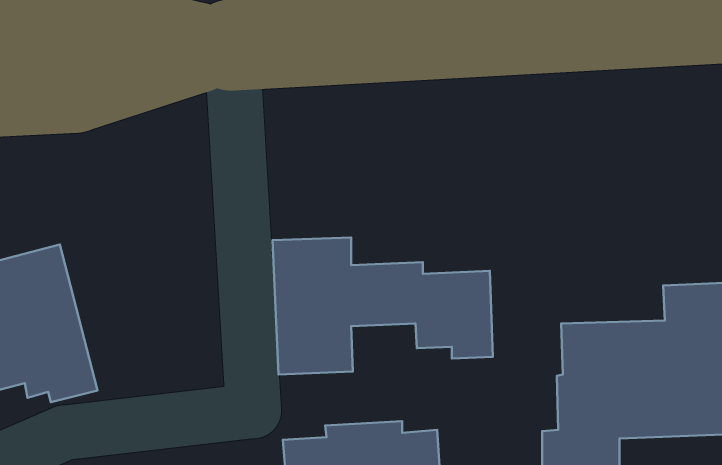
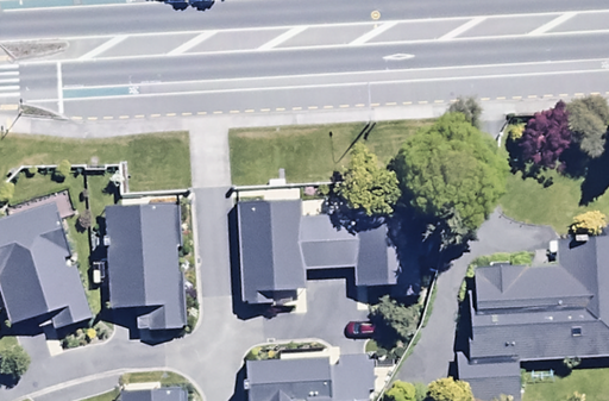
building: none -> [102,199,183,331]

